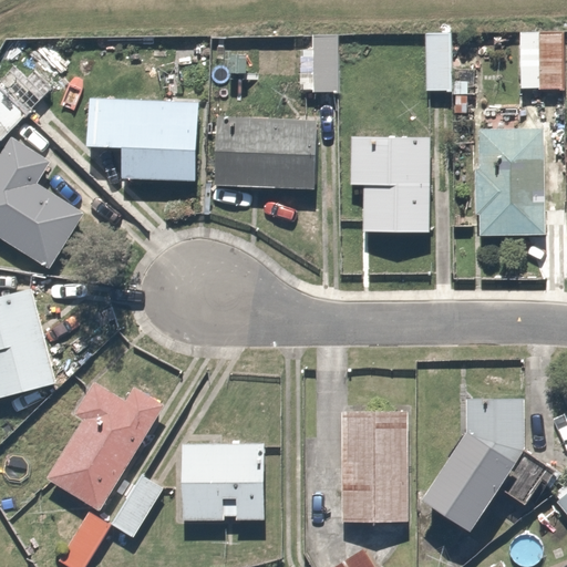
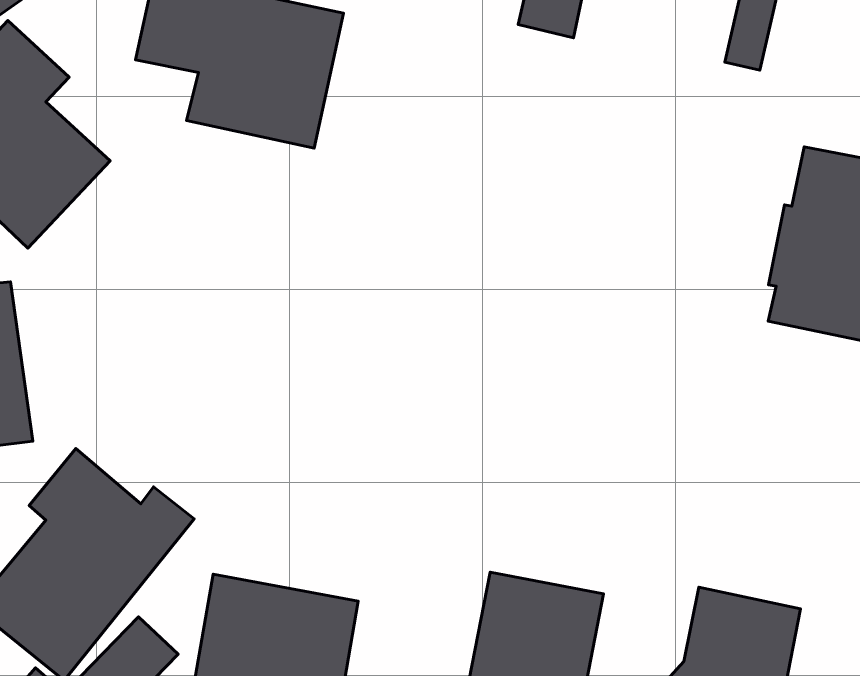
building: [213,117,317,189] -> none
building: [350,136,431,233] -> none

